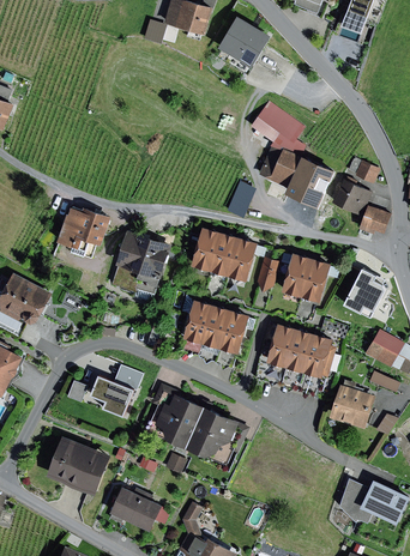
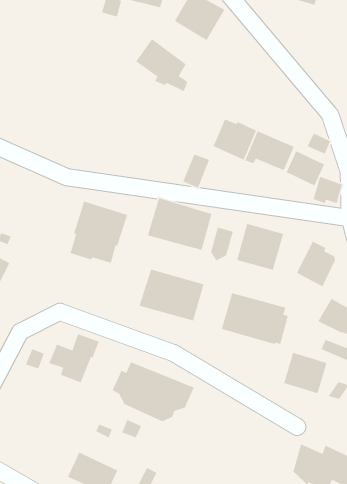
building: [251,102,305,157] -> [135,38,188,92]
building: [58,207,110,250] -> none
building: [46,436,111,495] -> none

